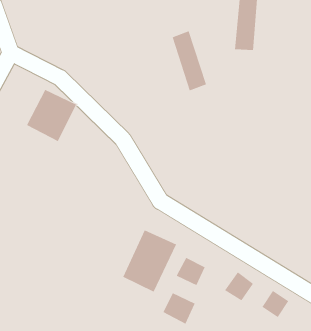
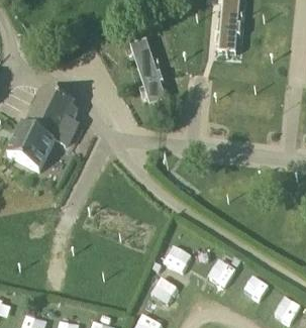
building: [172,31,207,91] -> [134,52,167,108]
building: none -> [8,124,57,173]
building: [123,230,177,293] -> none

